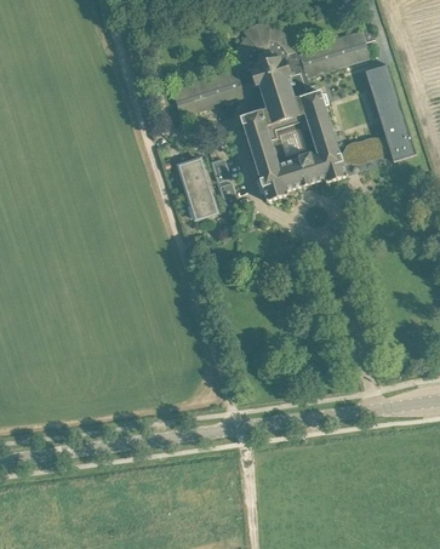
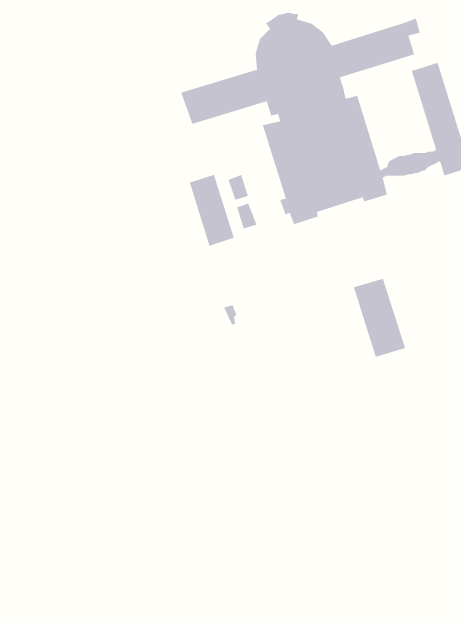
building: none -> [353,278,406,358]

